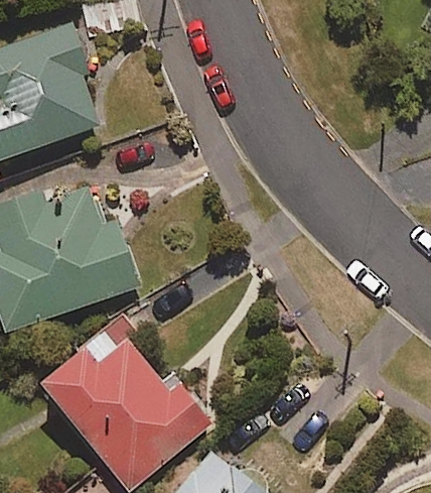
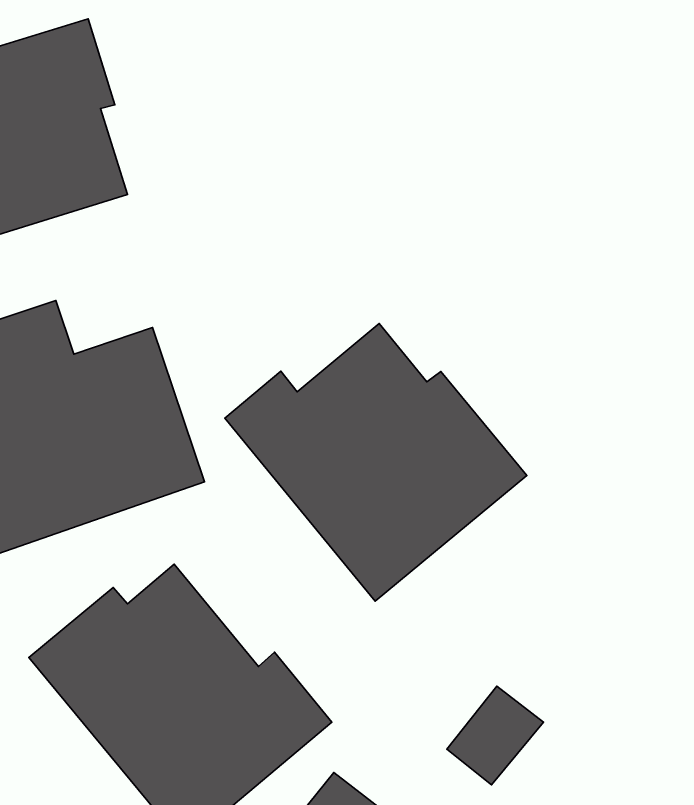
building: none -> [225,323,527,601]

